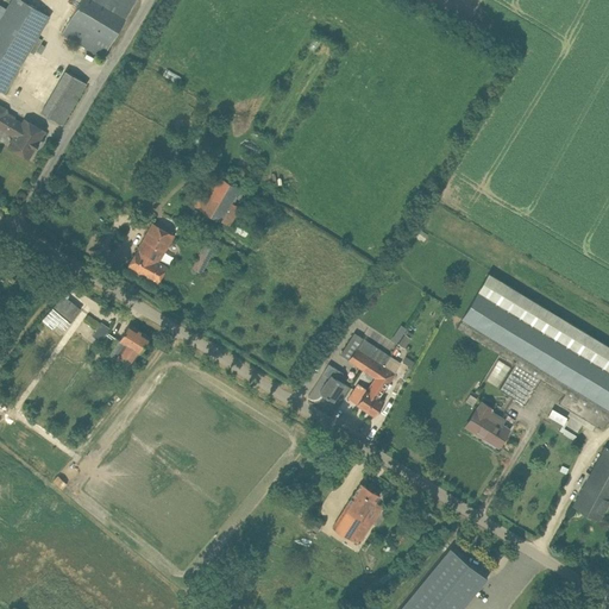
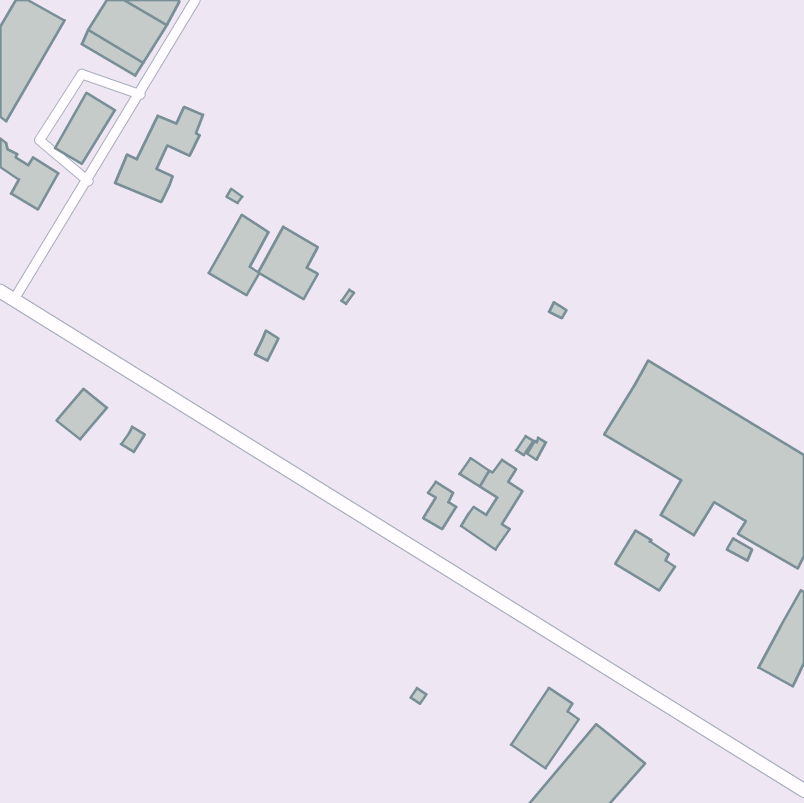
building: none -> [115,107,203,202]
building: [128,222,174,283] -> [209,215,269,295]
building: [115,325,150,368] -> none
building: [333,484,384,545] -> [511,688,579,768]

